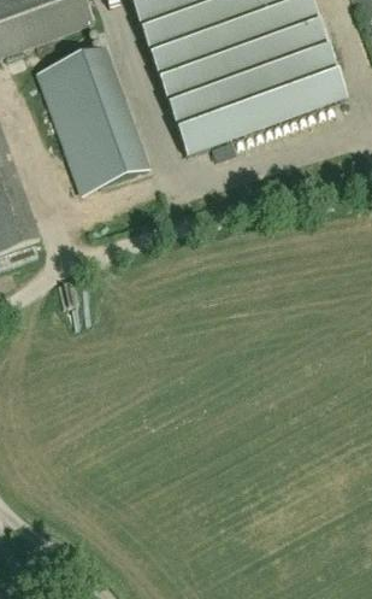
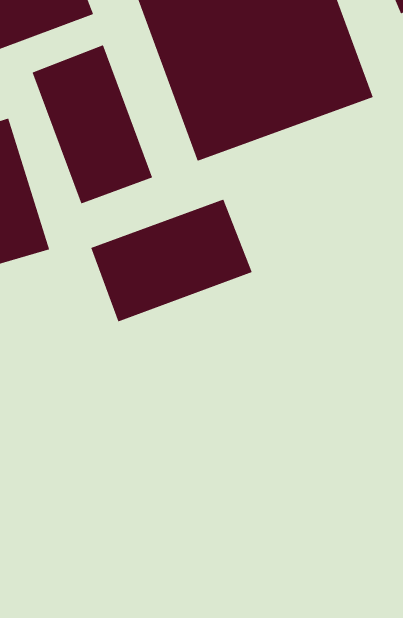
building: none -> [90,199,253,322]

